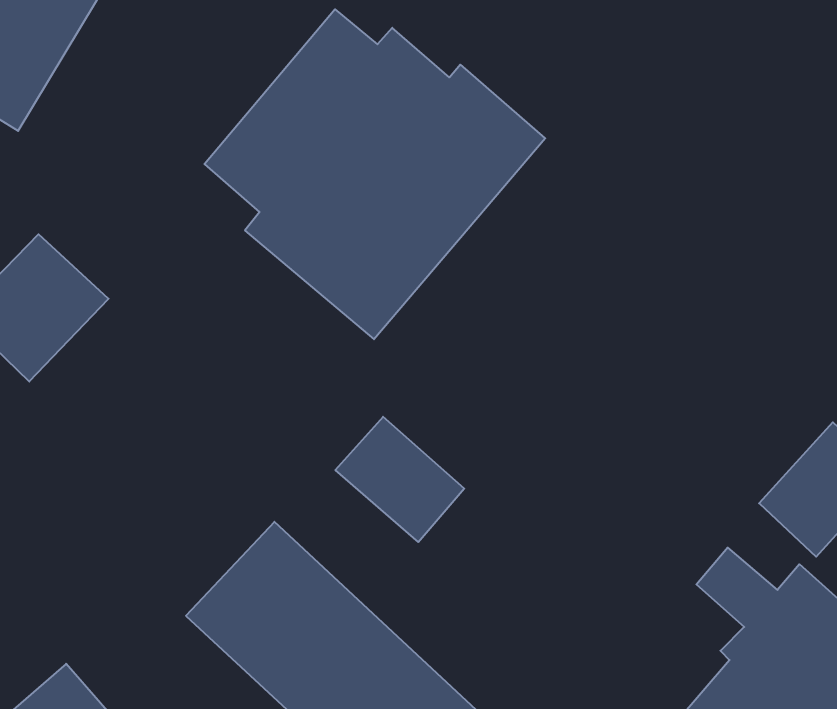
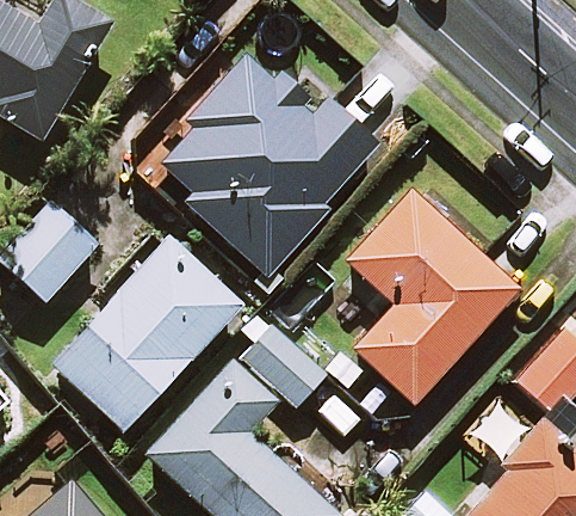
building: none -> [347,192,518,404]
building: none -> [55,242,237,430]

